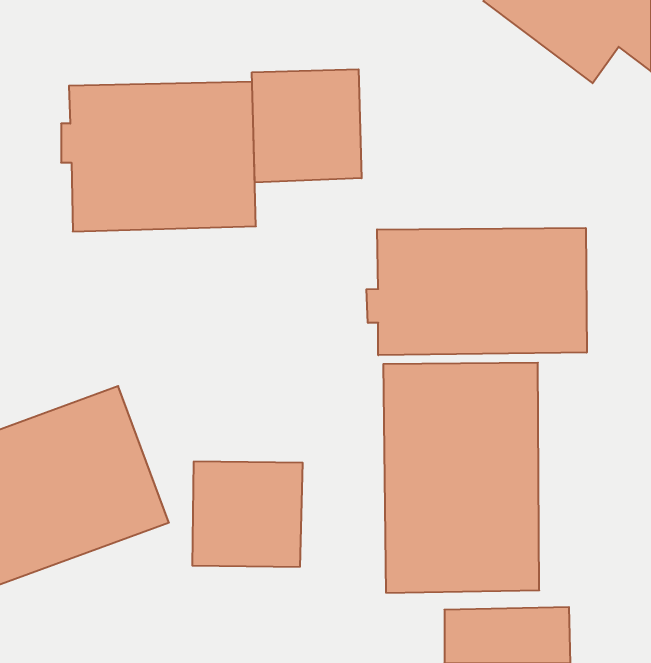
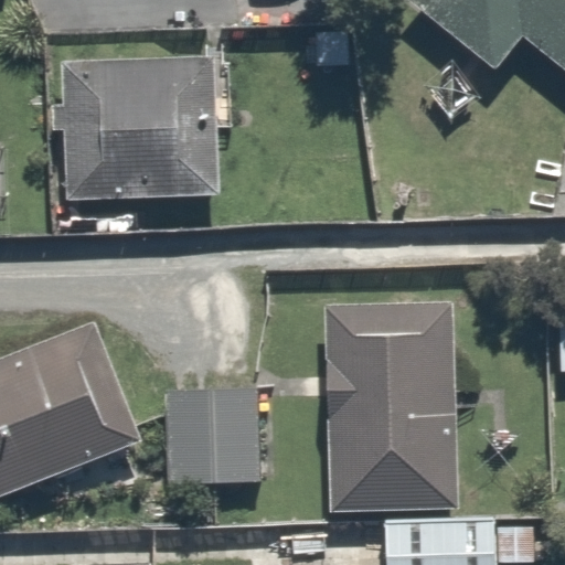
building: [252,69,362,182] -> none
building: [366,228,587,355] -> none

